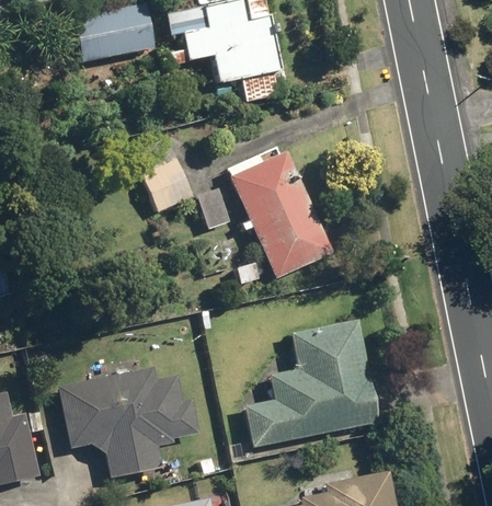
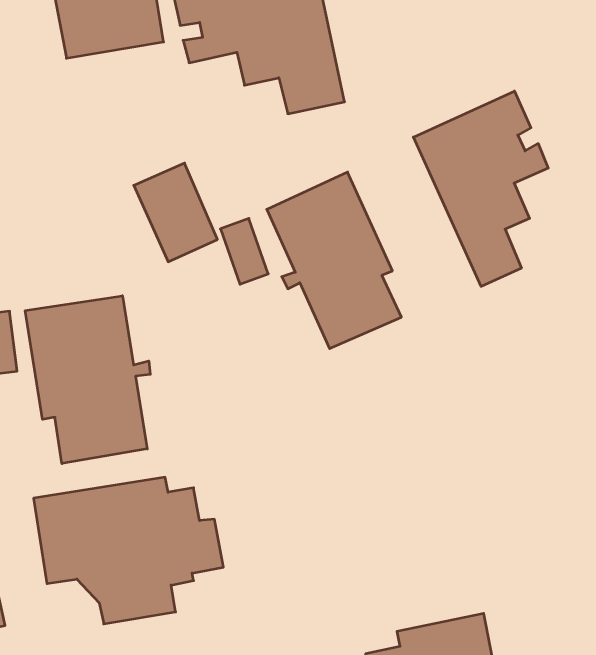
building: none -> [413,91,548,286]
building: none -> [25,296,150,464]
building: [247,321,376,447] -> none

